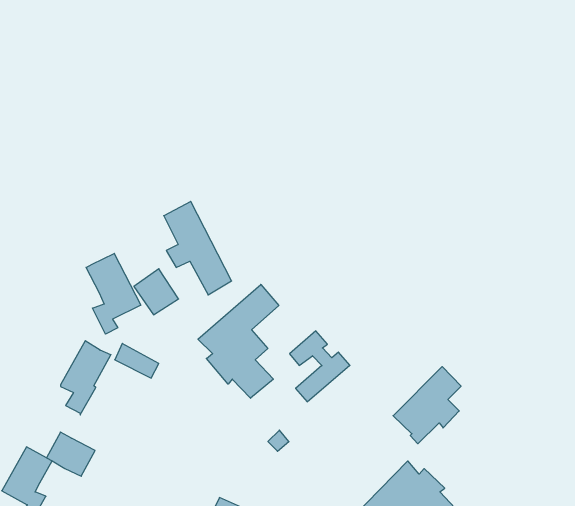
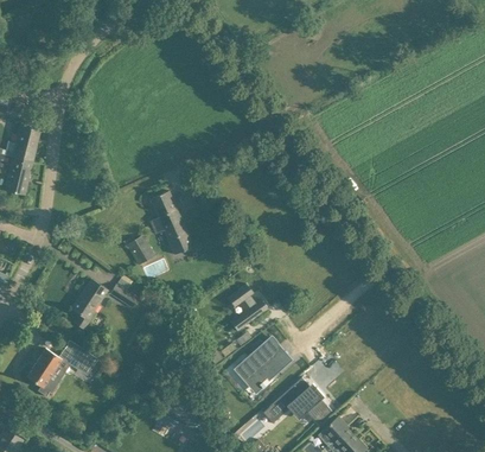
building: [86,253,141,334] -> none
building: [198,284,279,398] -> none
building: [393,367,461,444] -> [236,337,283,388]

